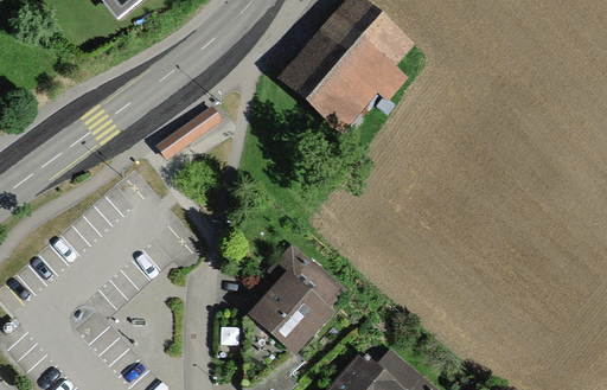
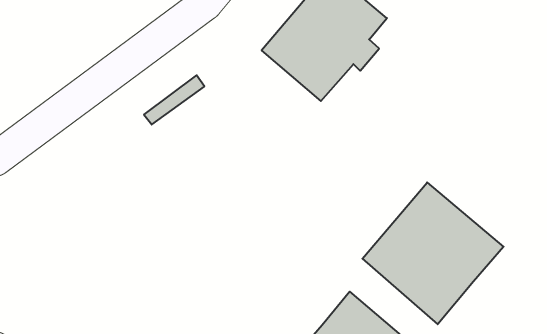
building: none -> [362,182,504,324]
building: [248,242,343,356] -> none

